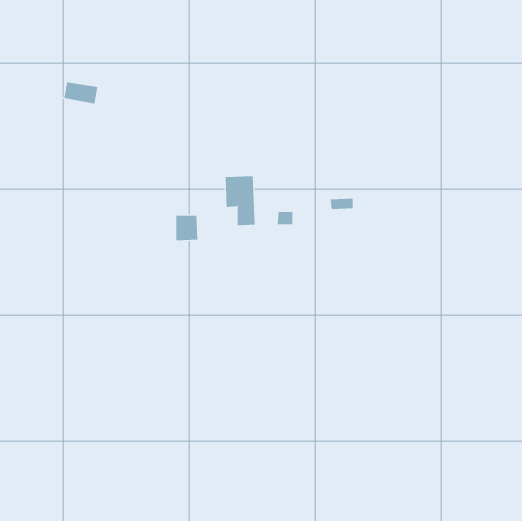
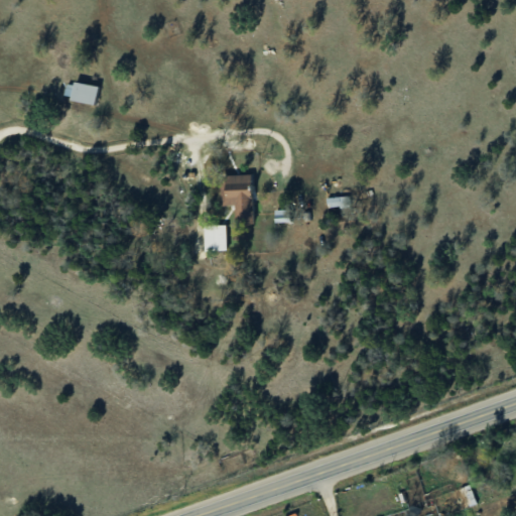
building: [176,215,198,241] -> [204,226,226,251]

